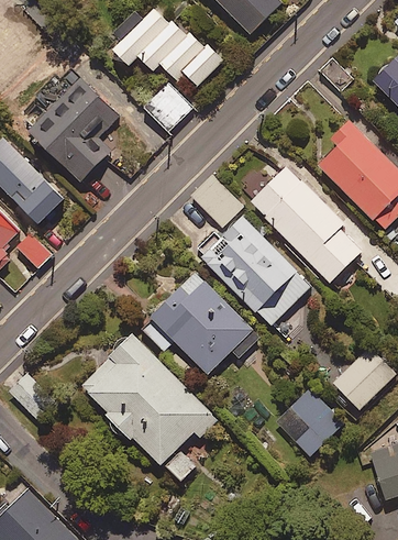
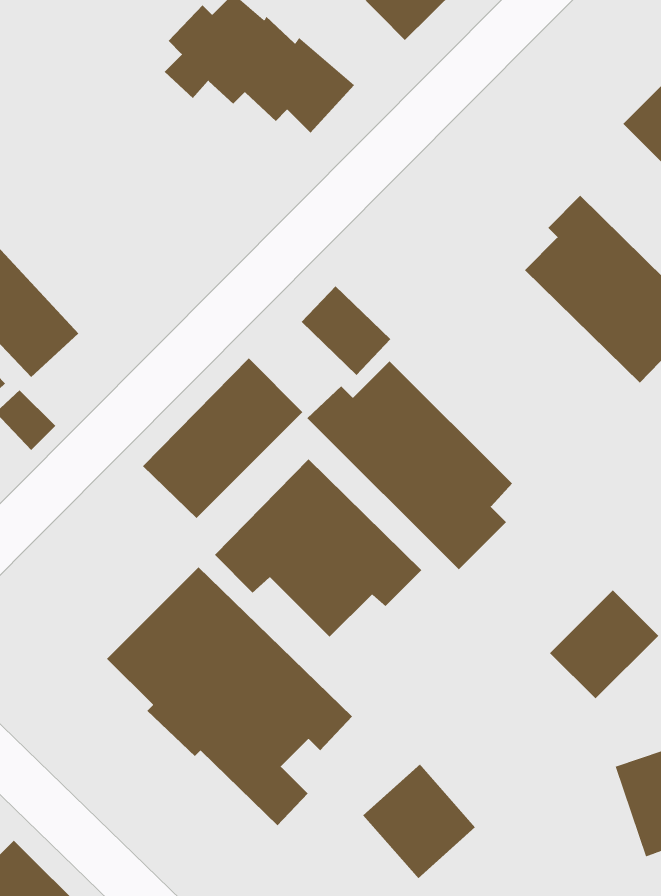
building: [26,62,121,183] -> none
building: [146,81,192,128] -> none
building: [251,167,362,283] -> none
building: none -> [142,358,303,519]
building: [277,389,342,455] -> [362,764,476,879]

